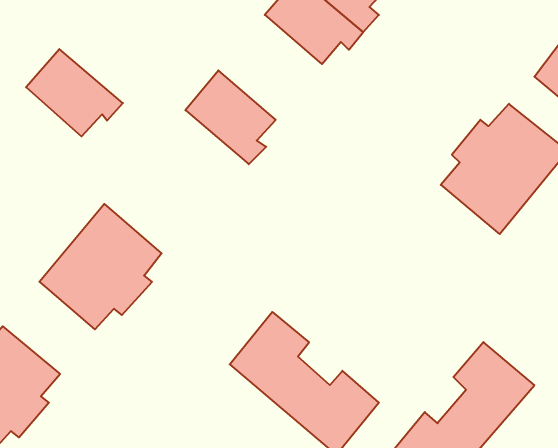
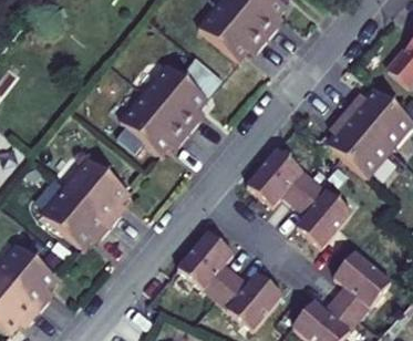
building: [26,49,123,136] -> [123,92,190,153]
building: none -> [248,149,352,247]

